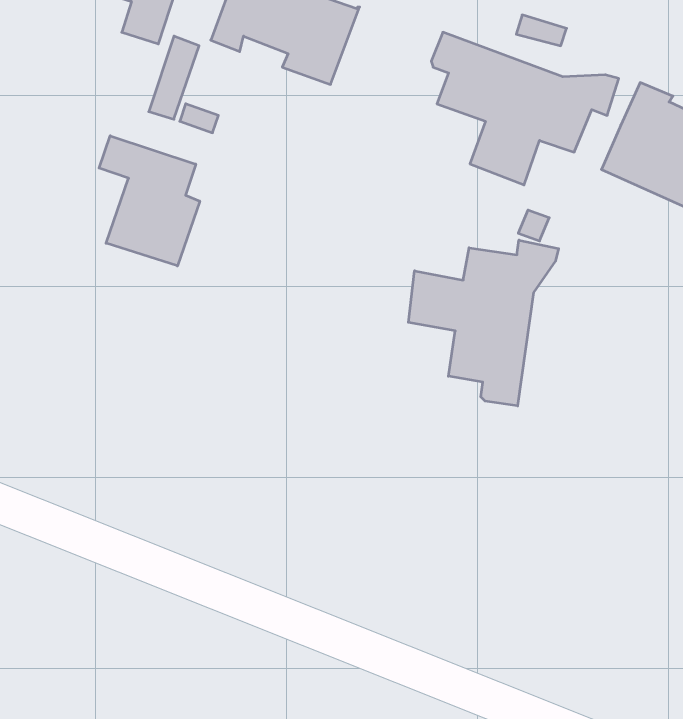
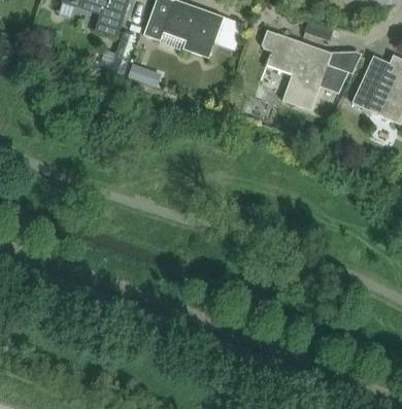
building: [99,136,200,266] -> none
building: [408,240,559,406] -> none

